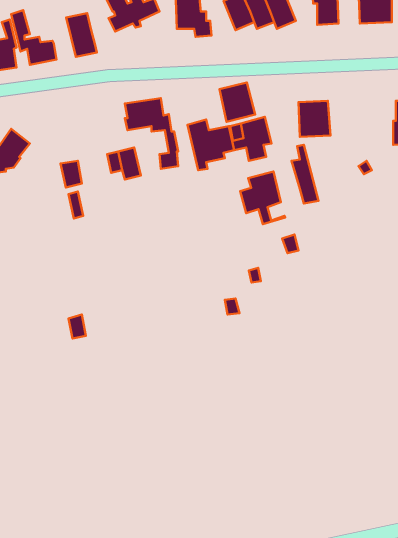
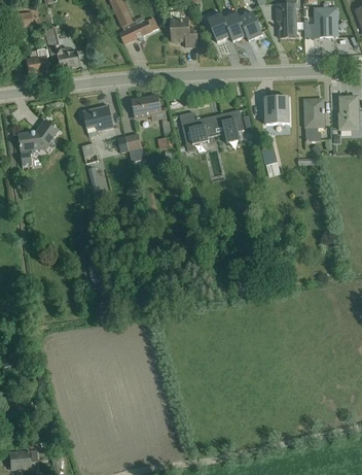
building: [66,13,97,57] -> none
building: [219,83,255,122] -> none
building: none -> [303,98,324,143]
building: none -> [82,105,113,136]
building: [240,172,285,224] -> none

